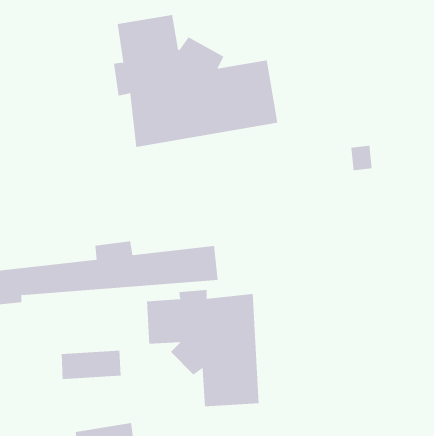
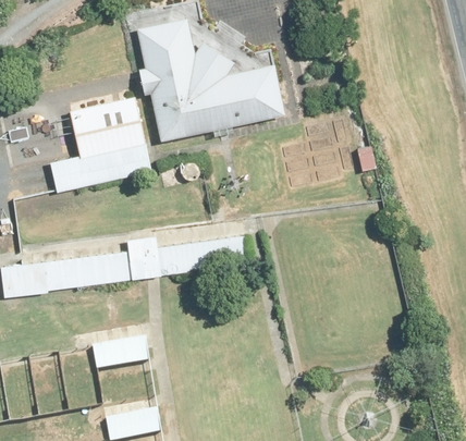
building: none -> [48,101,154,193]
building: [146,289,259,407] -> none

